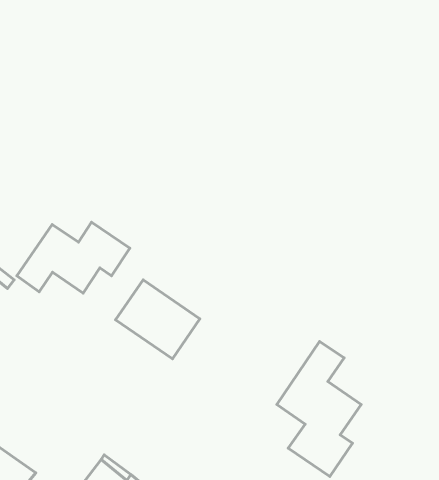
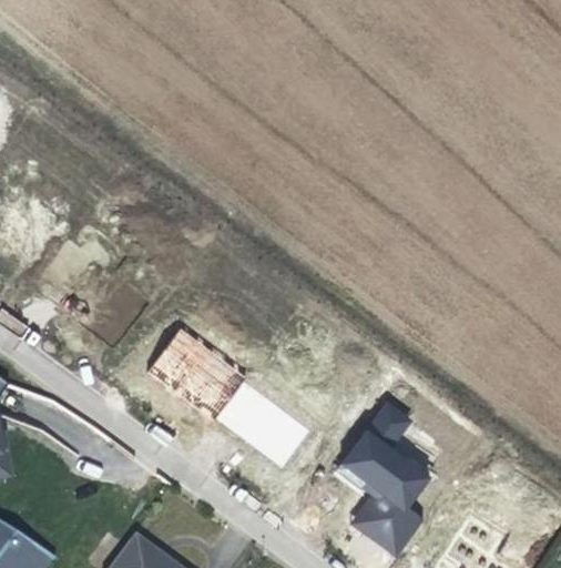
building: [17,222,130,293] -> none
building: none -> [215,384,309,465]

